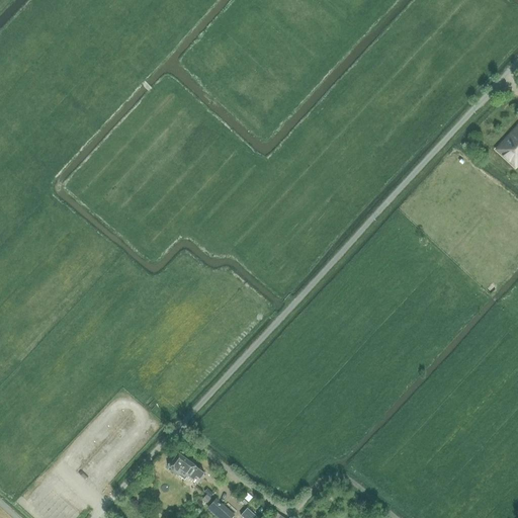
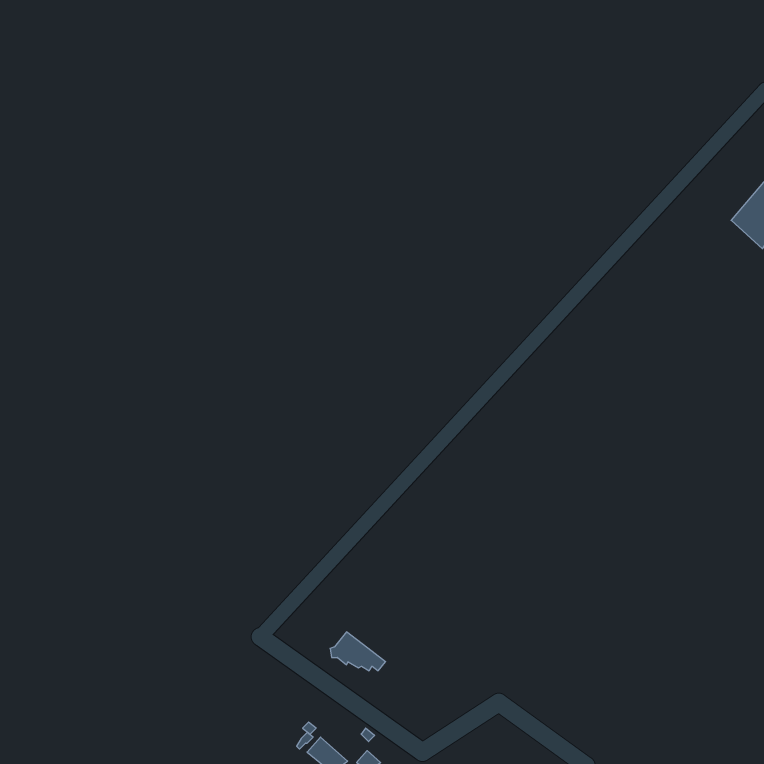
building: [169,453,206,480] -> [330,632,386,671]

